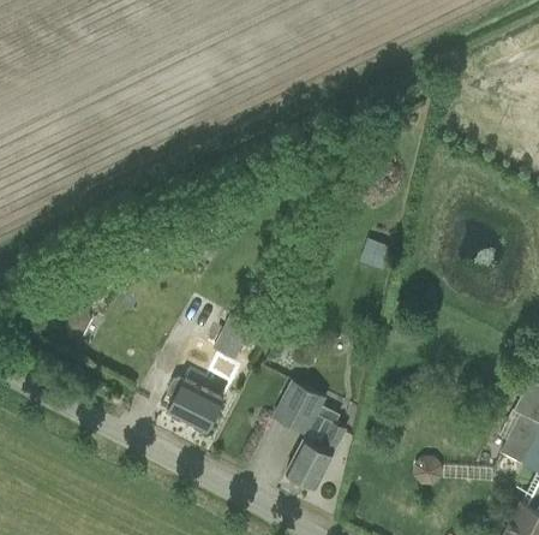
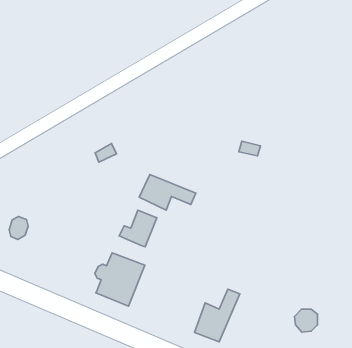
building: none -> [139,174,196,210]
building: [273,381,325,435] -> none

